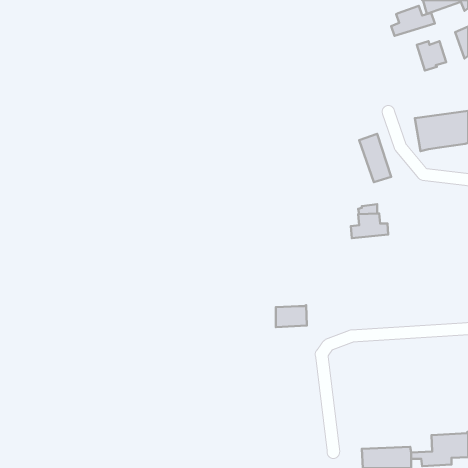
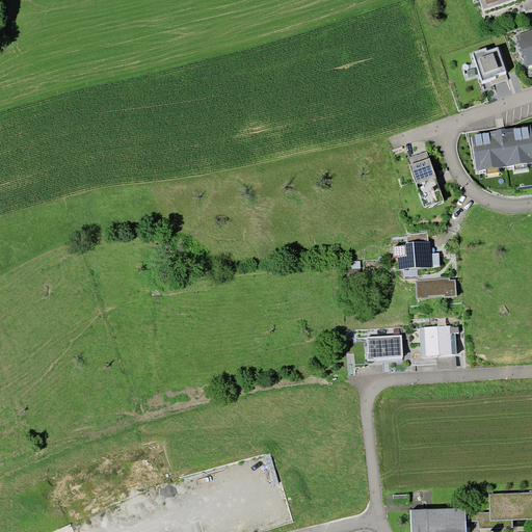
building: [391,6,435,36] -> none
building: none -> [416,277,456,299]
building: none -> [420,325,459,356]
building: [276,305,307,327] -> [368,335,403,360]

